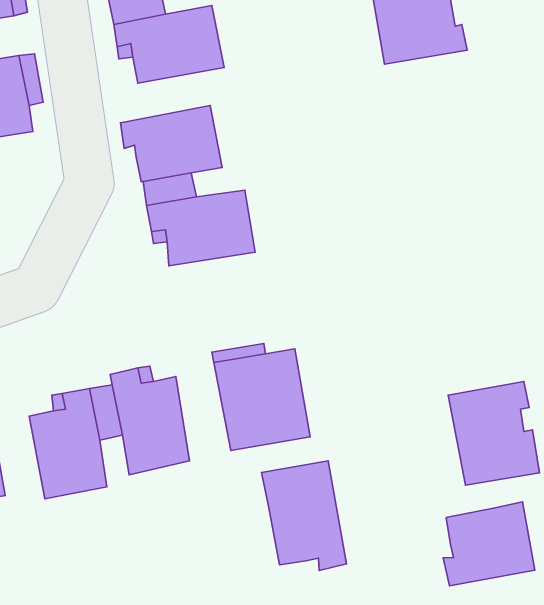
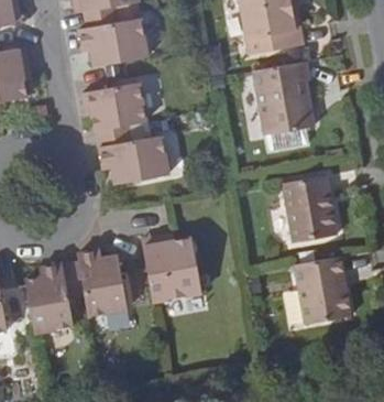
building: none -> [254,62,311,137]
building: none -> [281,176,336,243]
building: [262,461,346,570] -> none
building: [443,502,535,586] -> none

